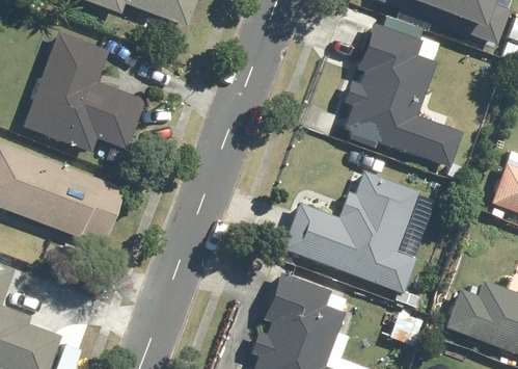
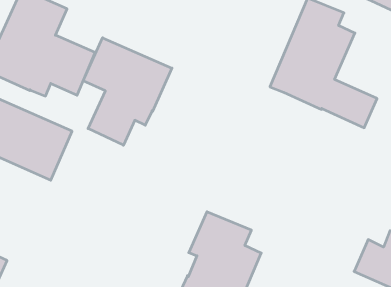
building: none -> [83,38,172,145]
building: [283,169,418,293] -> none

